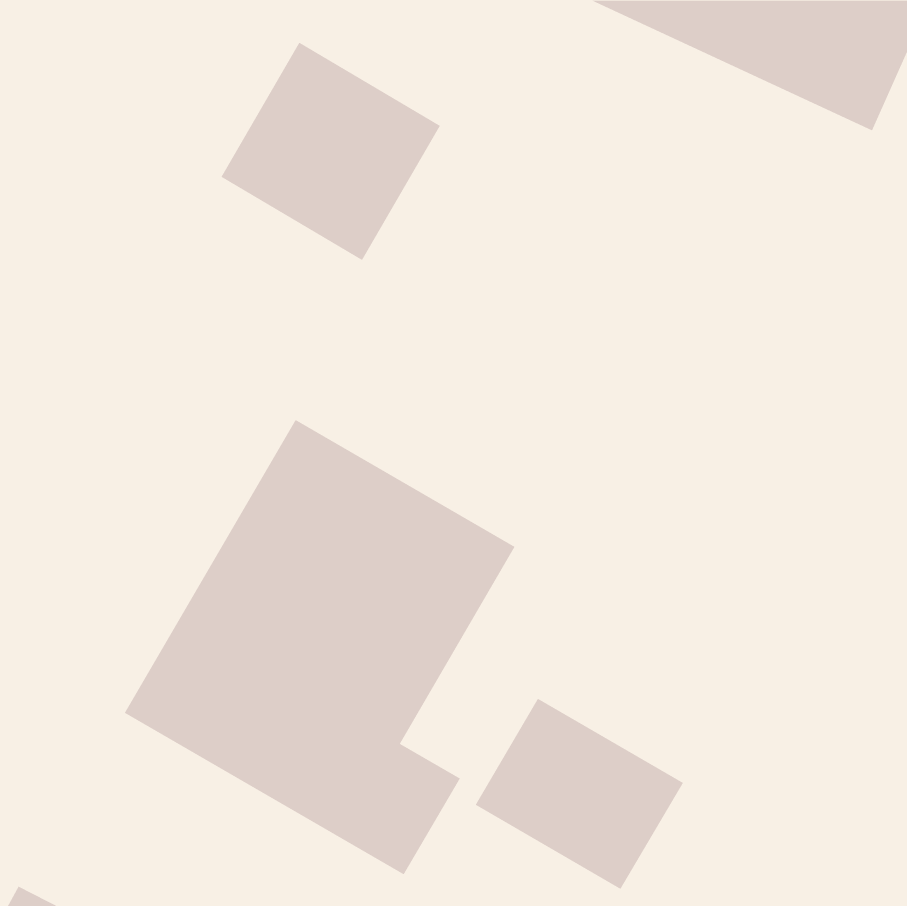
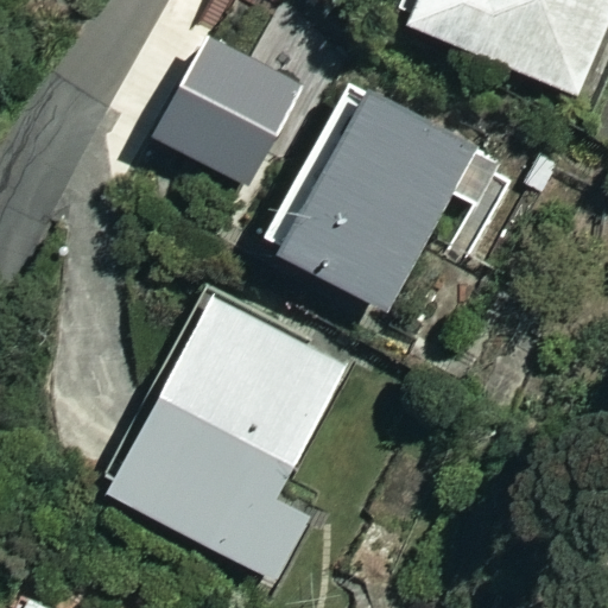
building: none -> [254,71,475,306]
building: [475,698,684,890] -> none

